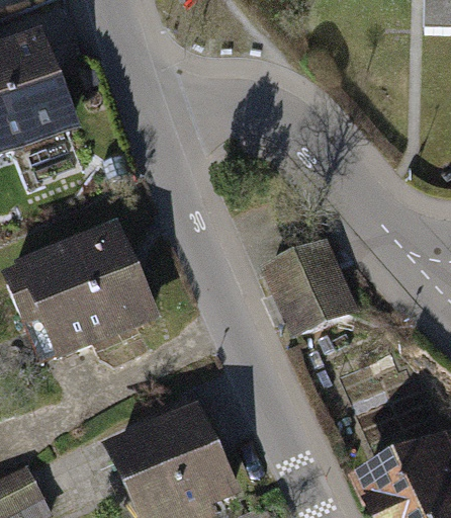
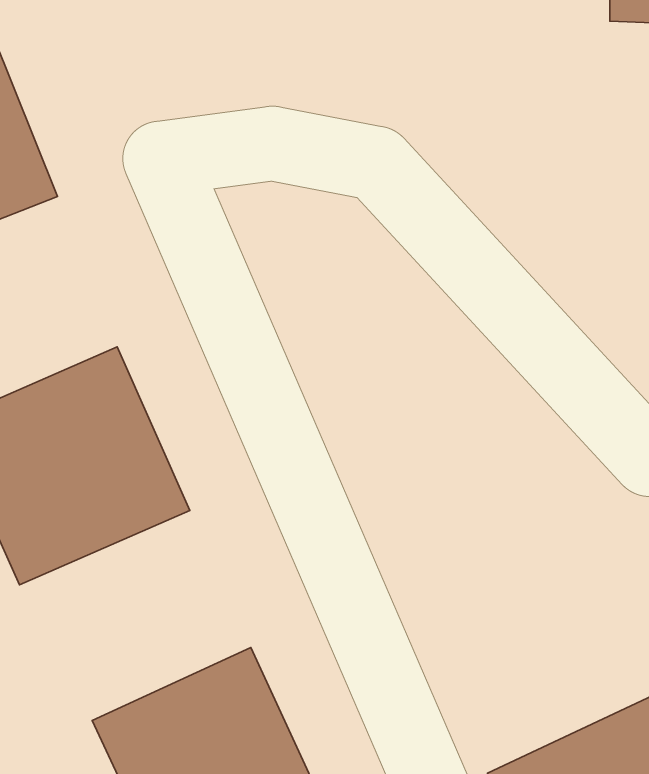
building: [257,236,358,339] -> none

